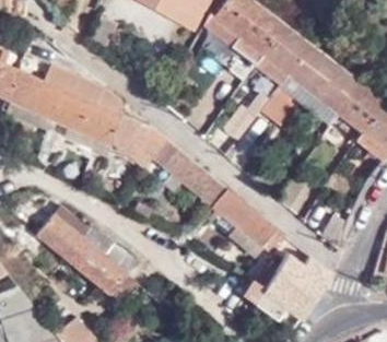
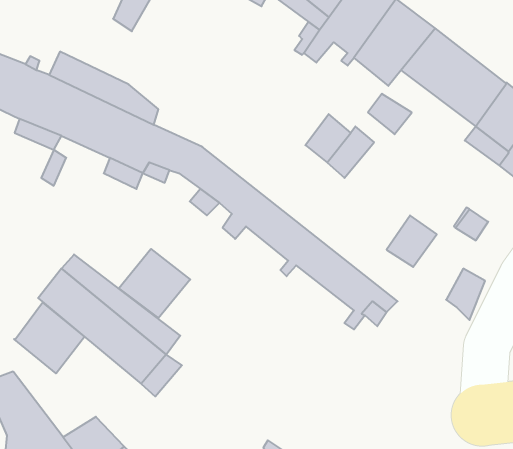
building: none -> [119,249,190,319]
building: none -> [14,302,84,373]
building: [246,256,332,317] -> none

